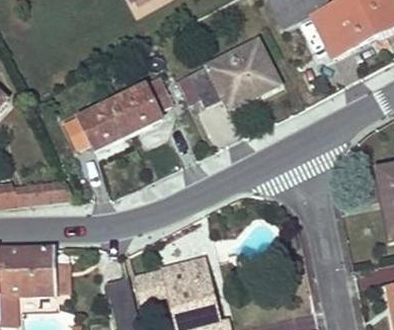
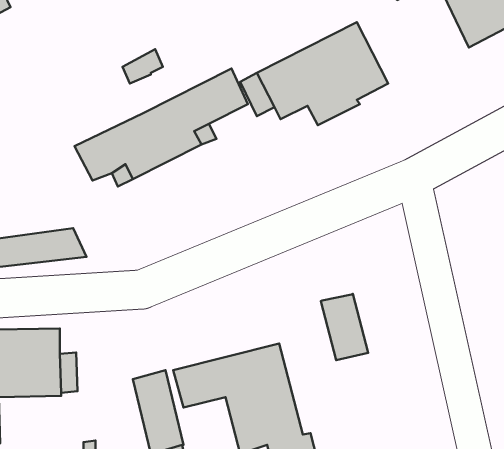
building: none -> [321,294,368,360]

